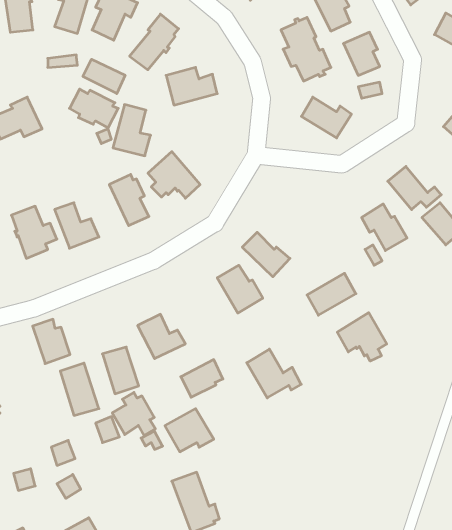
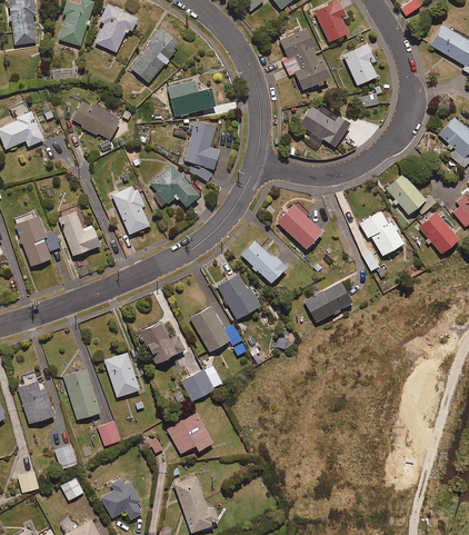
building: [83,59,125,94] -> none
building: [113,105,151,156] -> [183,119,220,169]
building: none -> [277,202,323,249]
building: [337,313,387,361] -> none
building: [33,319,70,364] -> [17,380,53,424]
building: [247,349,301,398] -> [189,305,242,353]
building: [112,392,155,436] -> [100,477,142,519]

